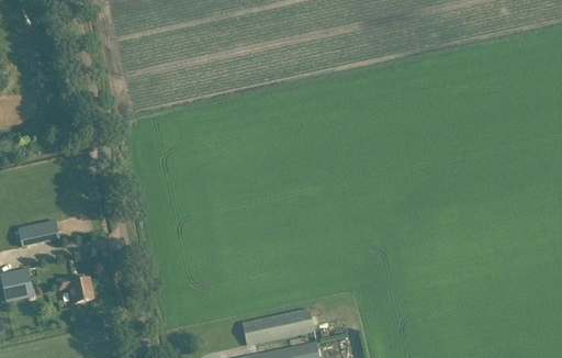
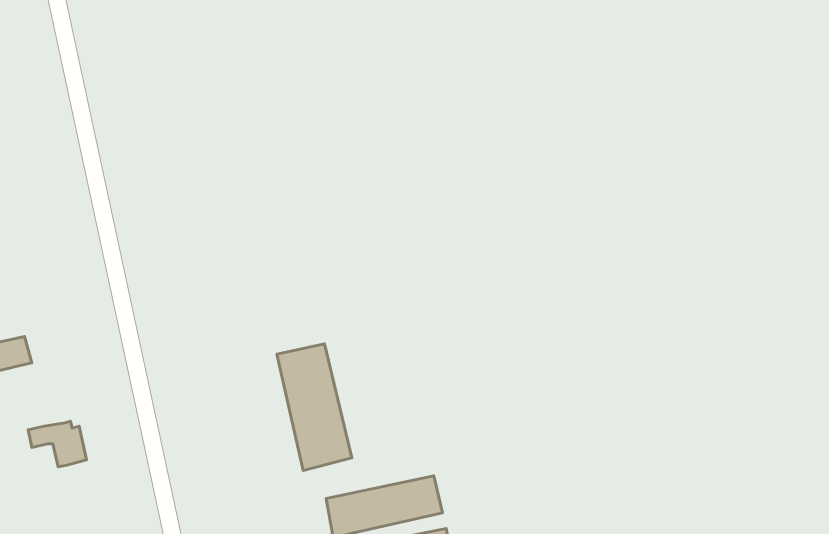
building: none -> [277,344,352,471]

